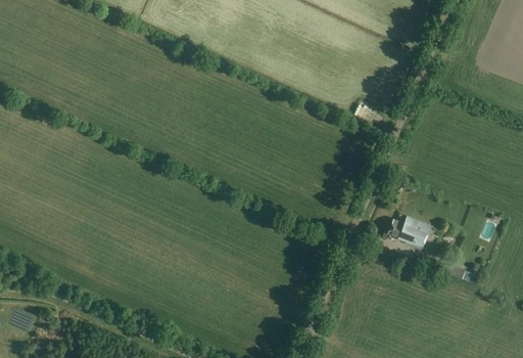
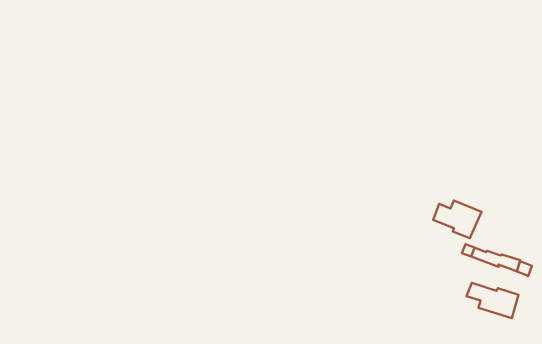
building: none -> [467,283,518,318]

